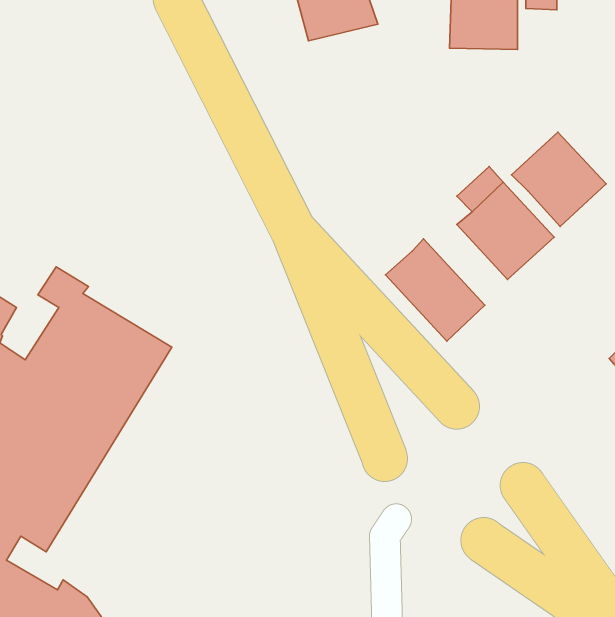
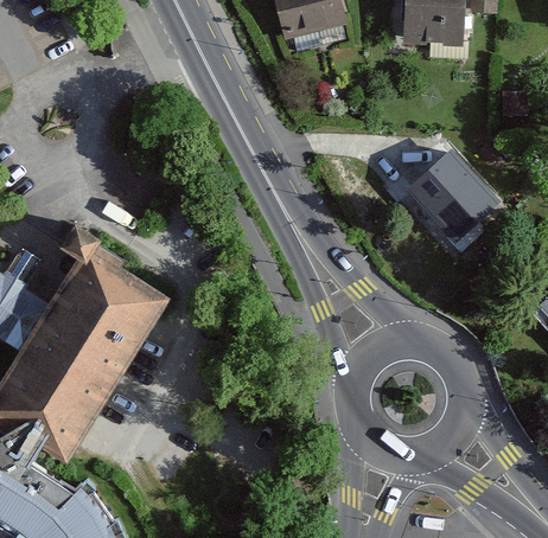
building: [512,132,606,227] -> none
building: [386,239,485,341] -> none

